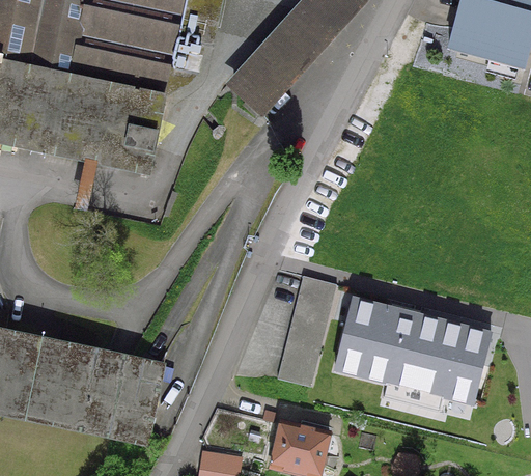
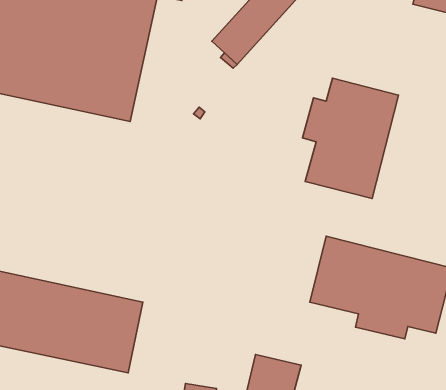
building: none -> [302,78,398,199]
building: [276,275,335,385] -> none

